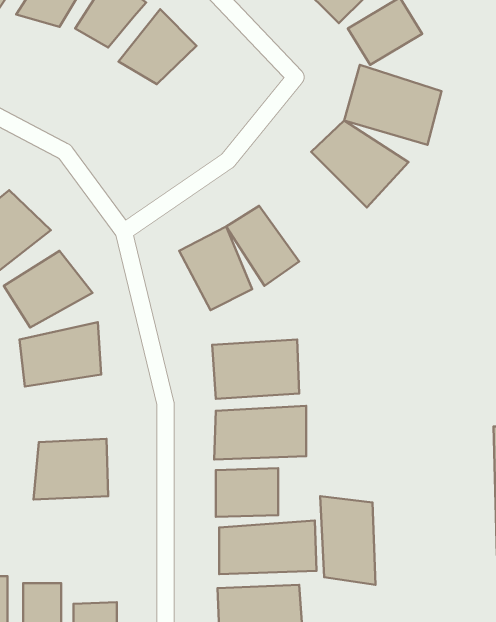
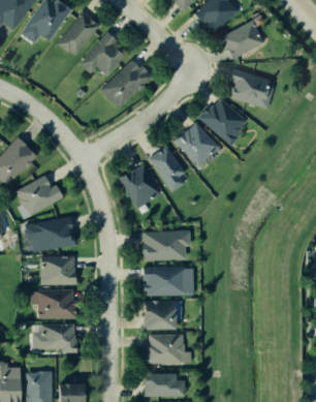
building: none -> [105,58,158,109]
building: none -> [172,121,223,171]
building: none -> [36,258,76,286]
building: [320,496,375,585] -> none
building: none -> [33,318,77,355]

